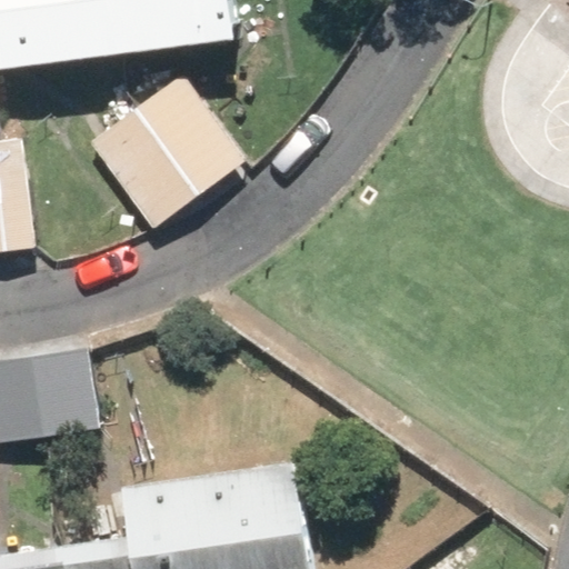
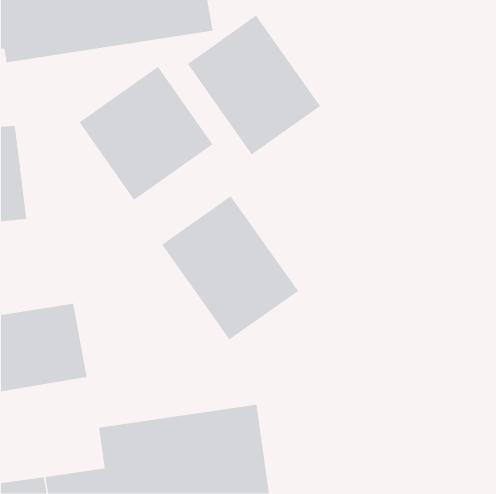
building: none -> [187,14,321,156]
building: none -> [161,195,299,341]

